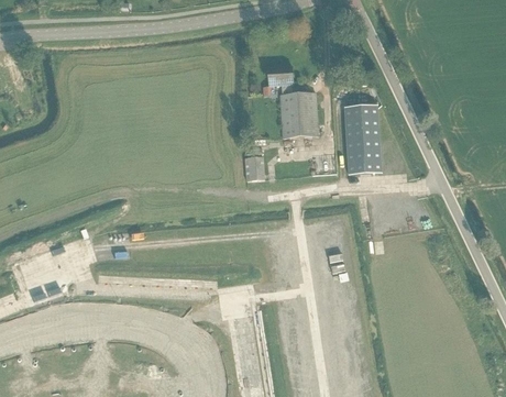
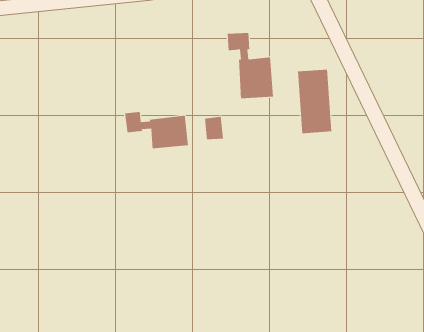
building: none -> [125,111,189,149]

